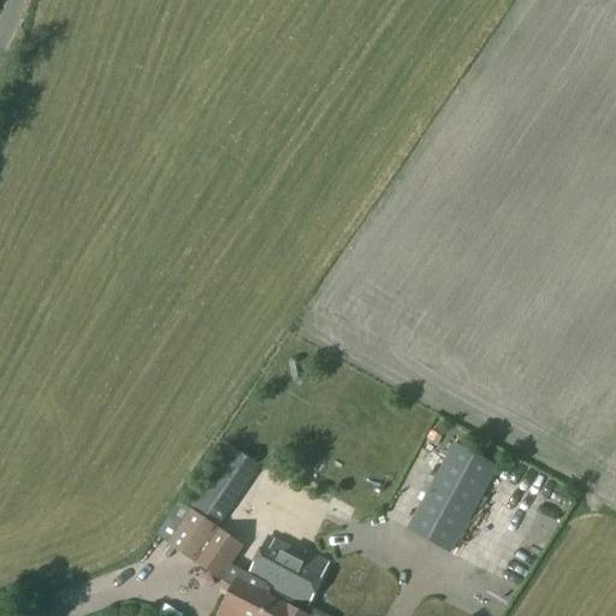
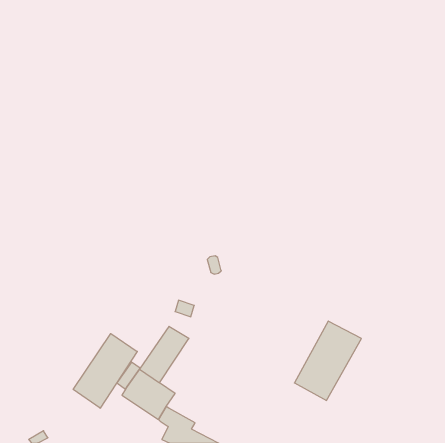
building: none -> [73,334,137,408]
building: [233,532,328,606] -> none

